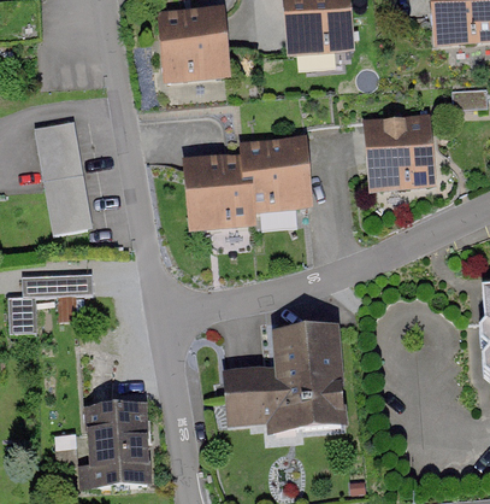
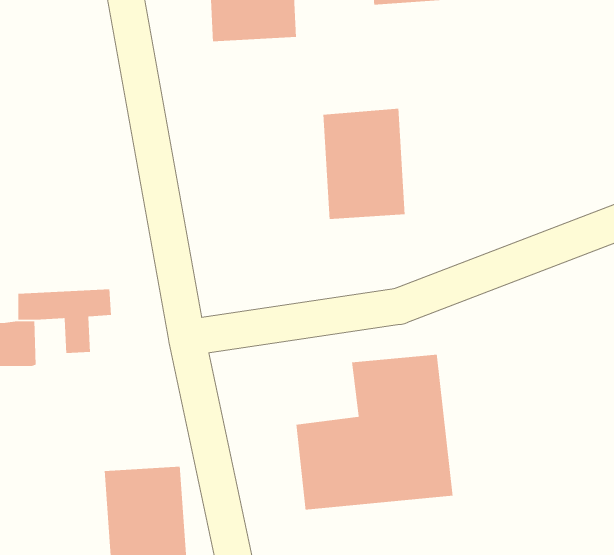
building: [30,116,91,228] -> none
building: [362,117,437,182] -> none
building: [190,147,254,230] -> none

